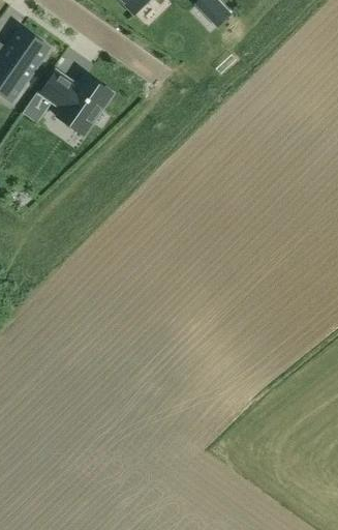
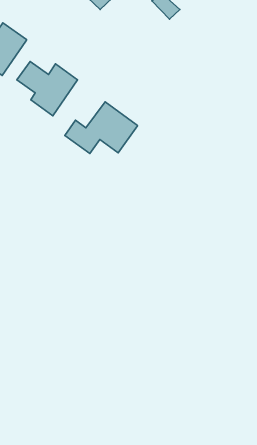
building: none -> [65,102,138,153]

